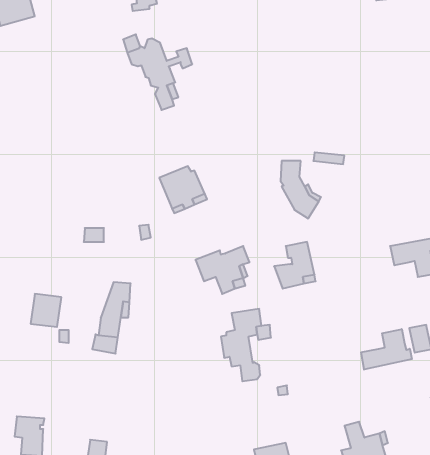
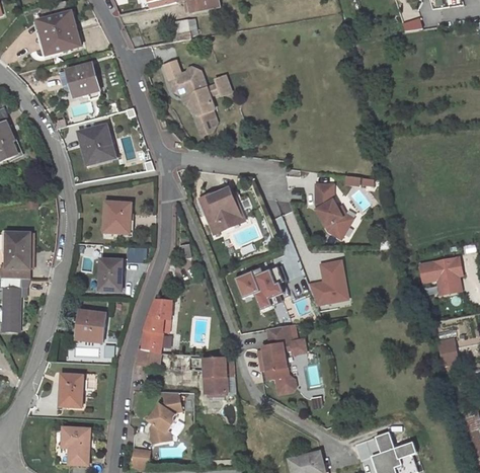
building: none -> [66,63,98,96]
building: none -> [78,124,113,164]
building: none -> [103,202,130,233]
building: none -> [98,258,122,290]
building: [361,329,412,370] -> none
building: none -> [203,358,234,392]
building: none -> [57,374,82,405]
building: none -> [147,391,180,442]

